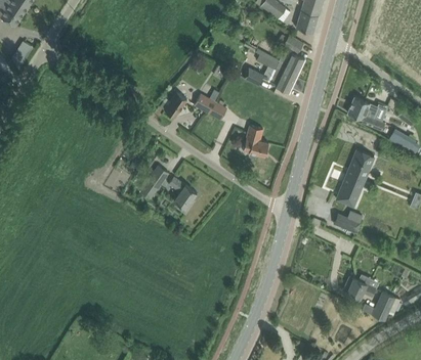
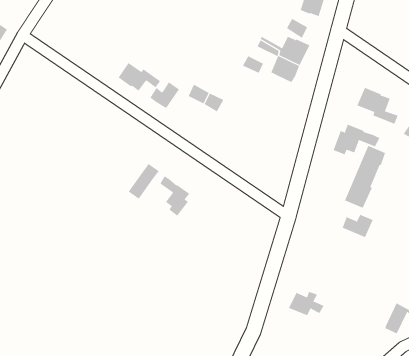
building: none -> [118,62,161,92]
building: [243,125,268,158] -> none
building: none -> [333,124,380,155]
building: [343,274,376,297] -> [288,291,324,316]

